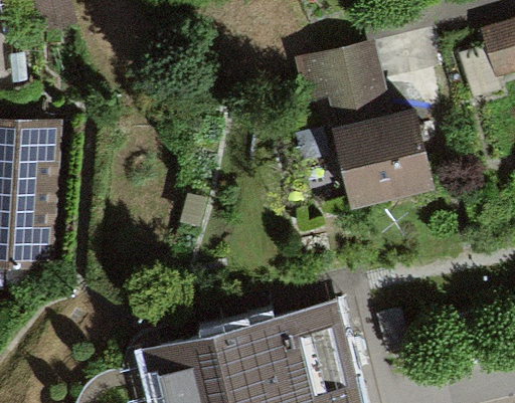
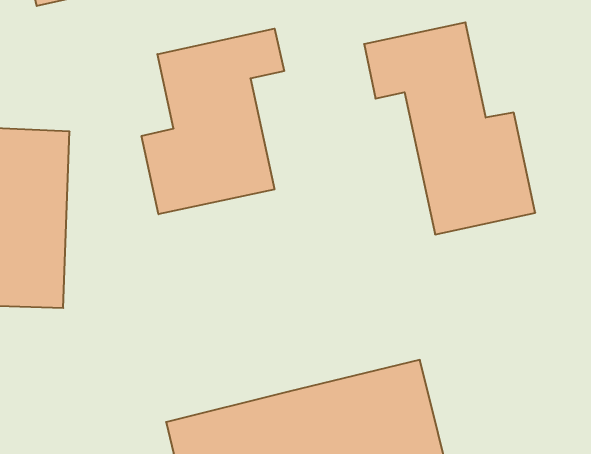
building: none -> [142,29,284,214]

